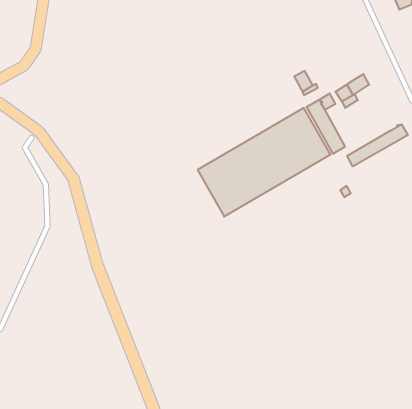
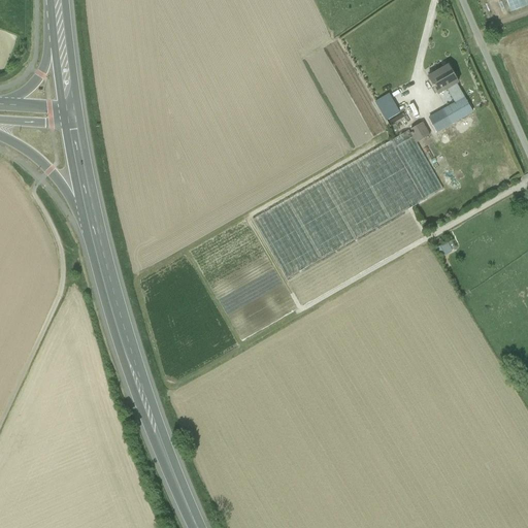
building: none -> [429,62,465,101]
building: [347,124,408,166] -> none

